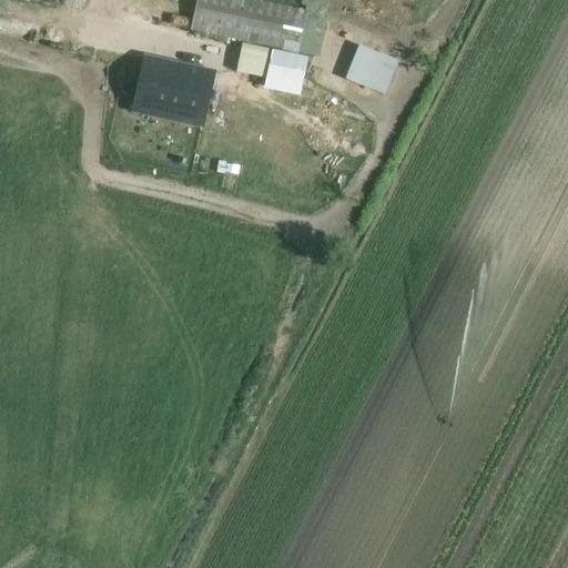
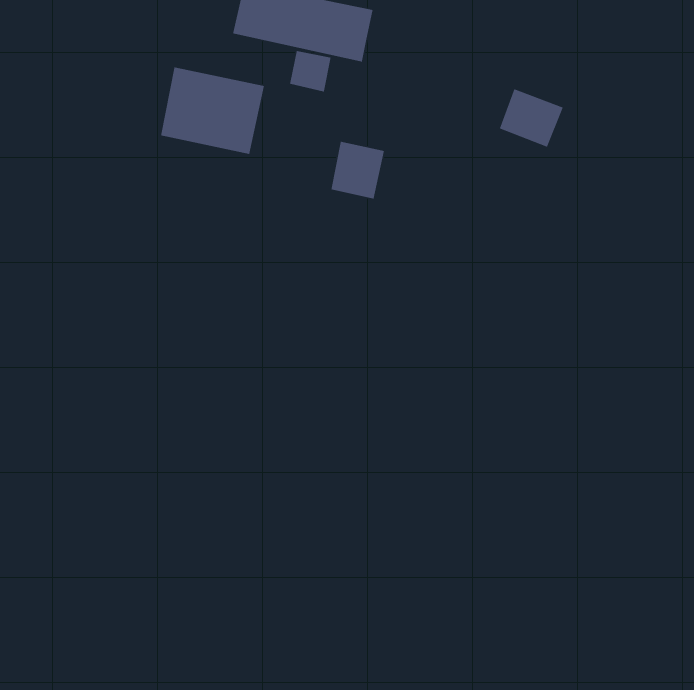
building: [345,43,398,92] -> [499,88,564,148]
building: [264,48,308,95] -> [331,141,385,199]

